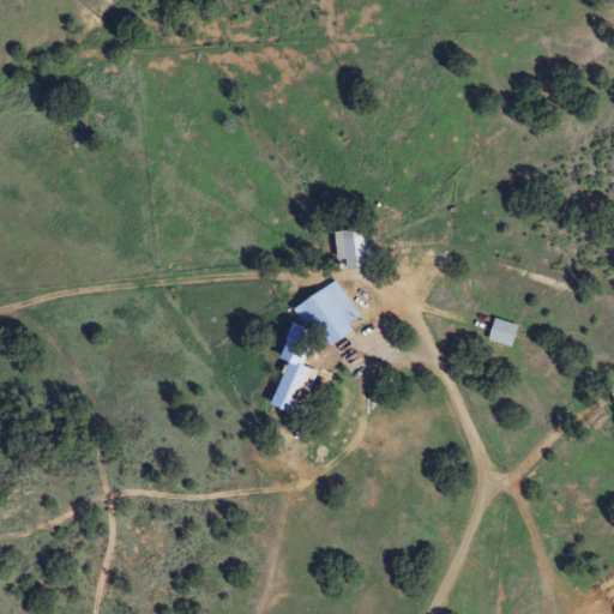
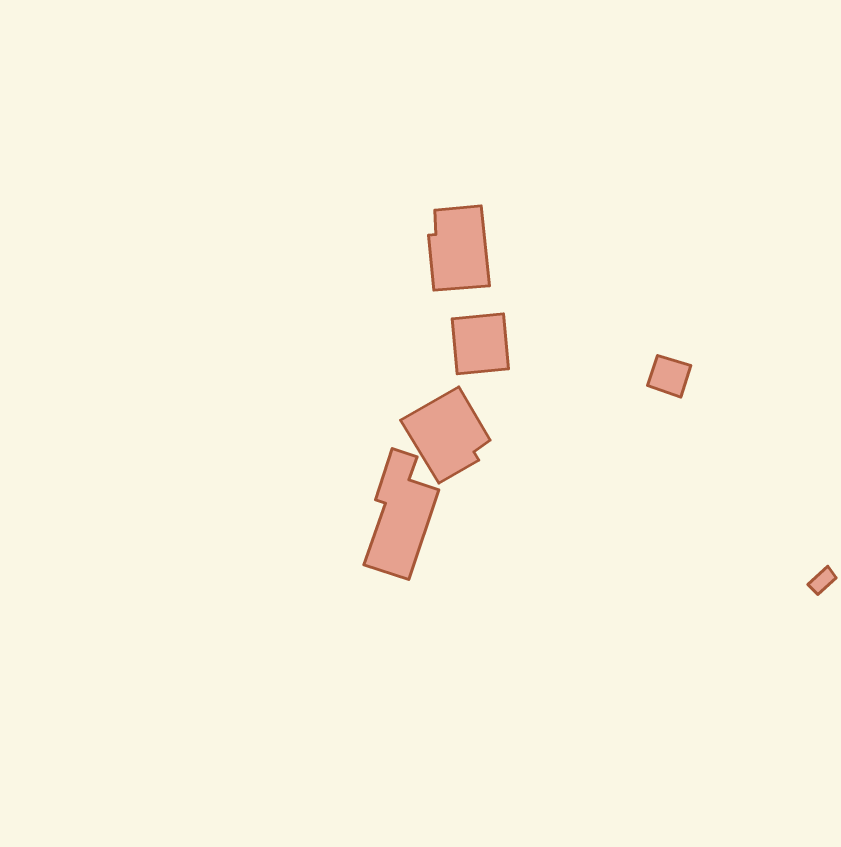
building: none -> [428,206,489,290]
building: [487,318,518,348] -> [648,356,691,397]

